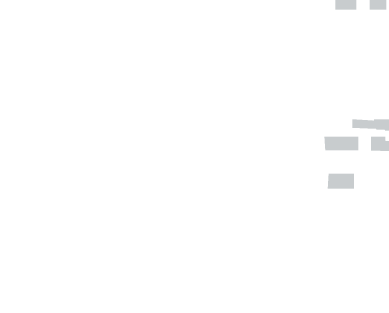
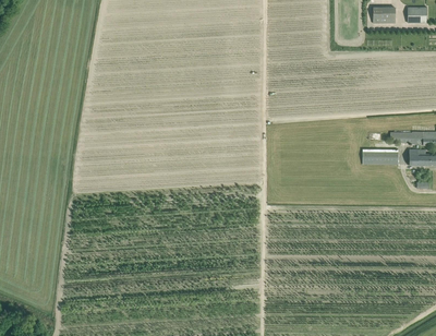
building: [327,173,355,189] -> none

